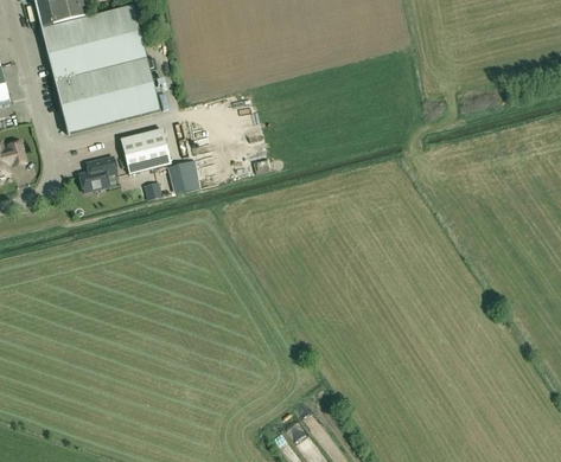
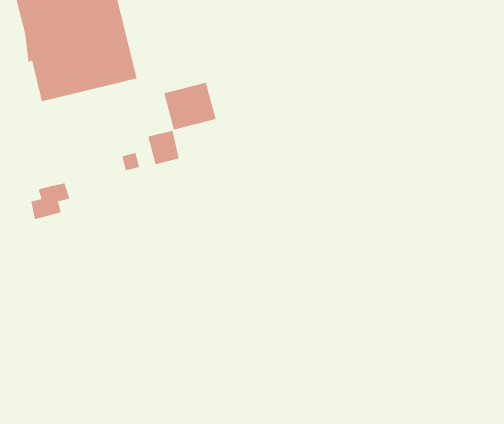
building: [120,129,171,175] -> [163,82,216,130]
building: [79,158,117,193] -> [31,183,70,220]

